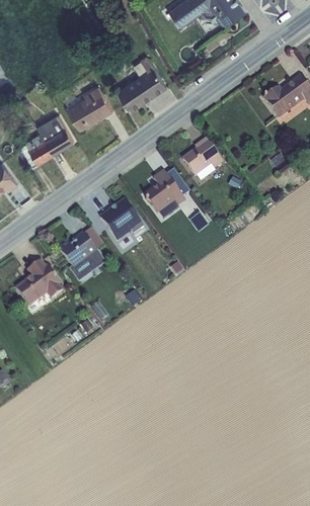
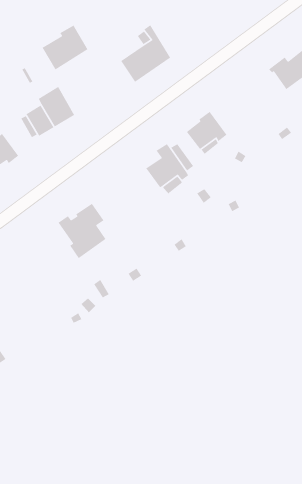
building: [67,85,112,130] -> [42,24,88,70]
building: [98,198,144,241] -> none
building: [15,258,62,306] -> none

